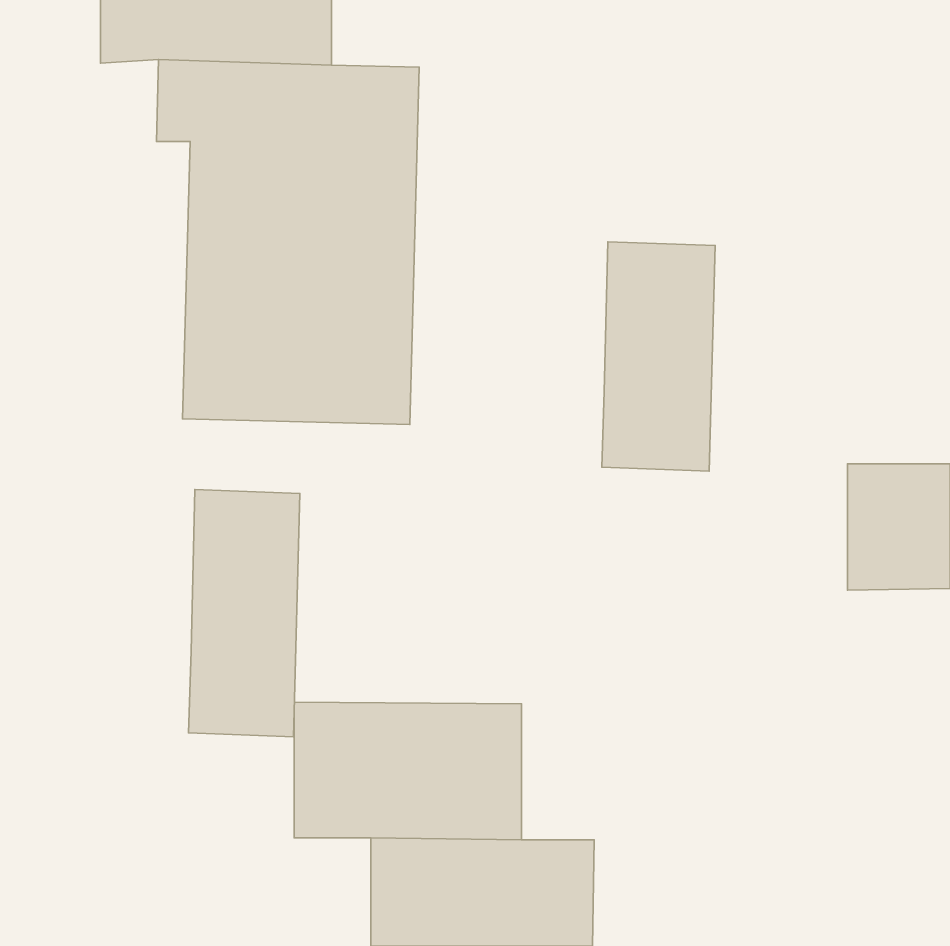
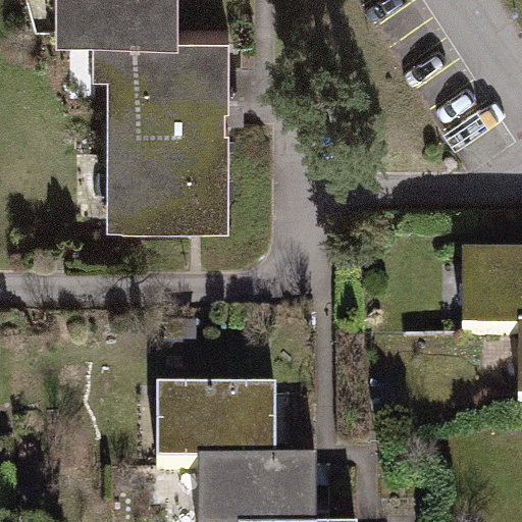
building: [602,242,715,471] -> none
building: [188,490,300,737] -> none

